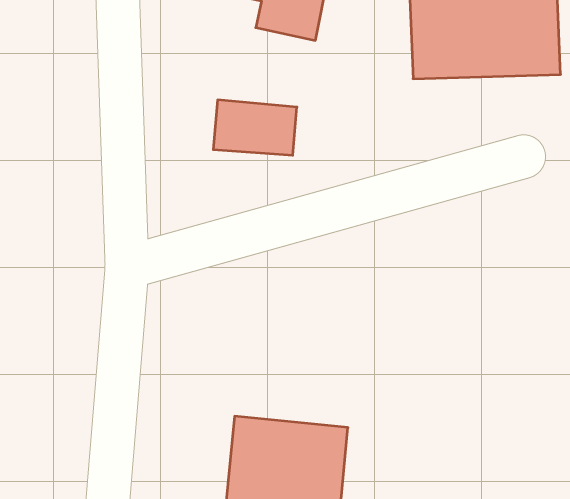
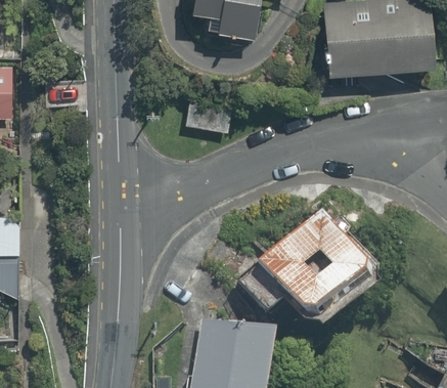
building: none -> [238,224,383,338]

